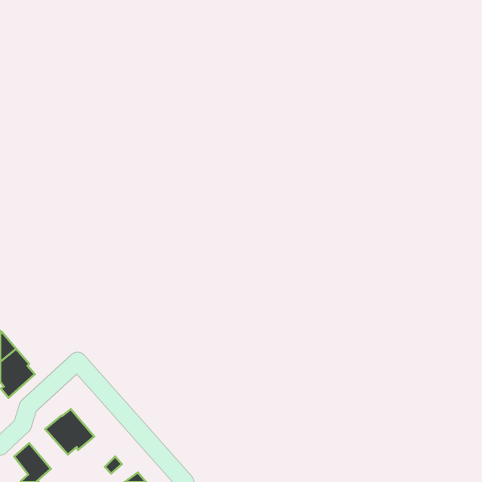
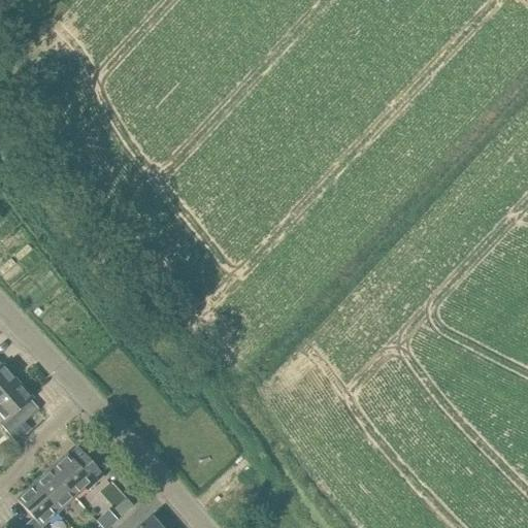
building: none -> [32,468,74,512]

